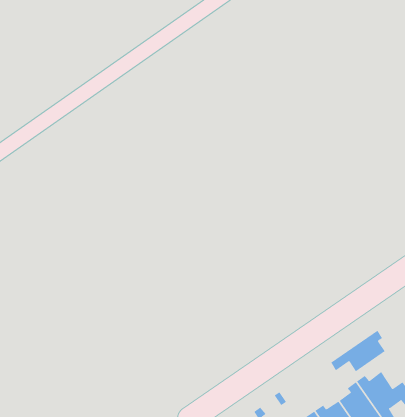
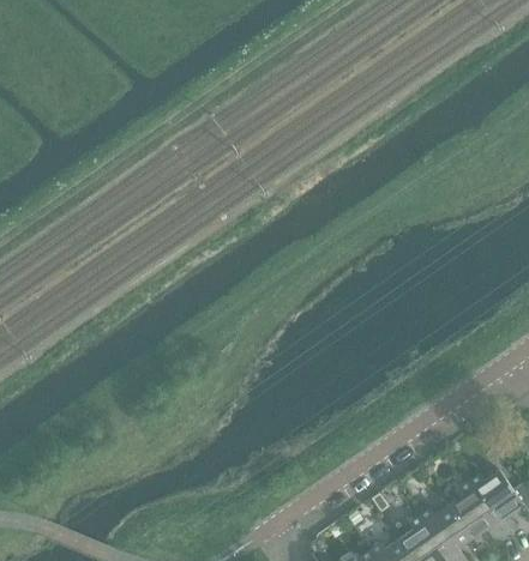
building: [331,330,385,372] -> none

